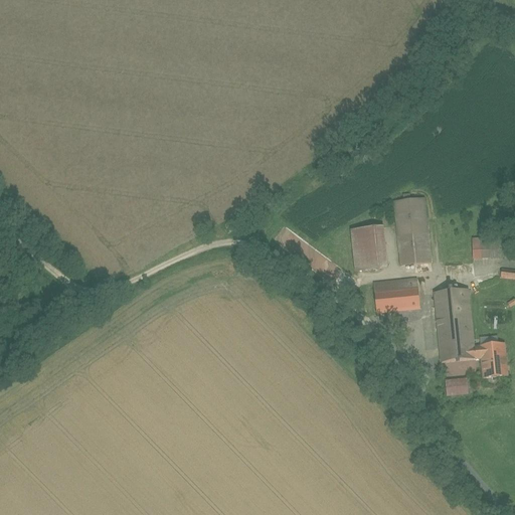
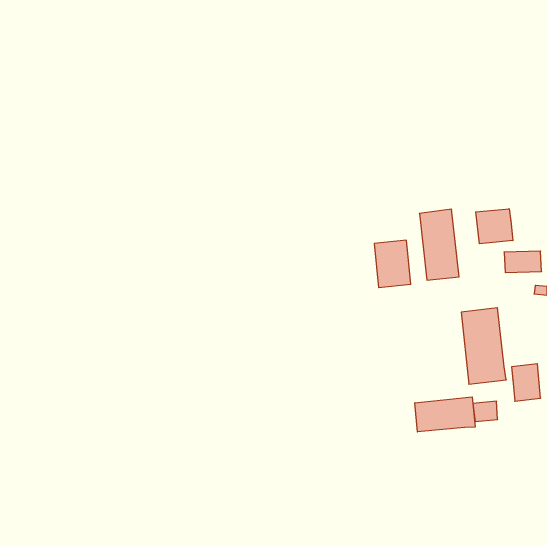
building: none -> [476,209,513,244]
building: [373,277,419,313] -> none
building: none -> [415,397,475,432]

